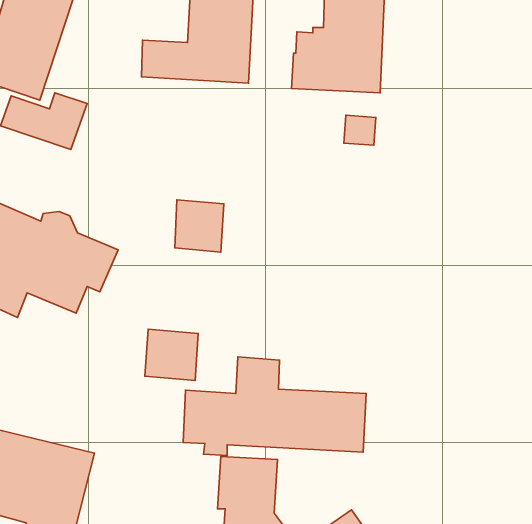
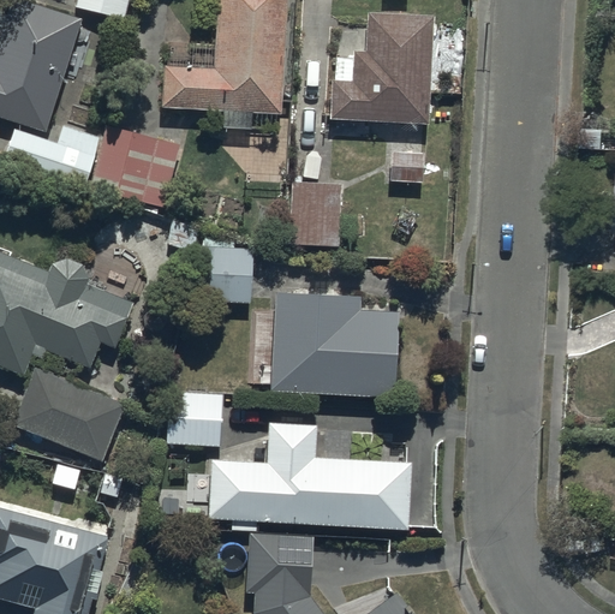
building: none -> [91,126,179,207]
building: none -> [288,183,341,246]
building: none -> [269,293,399,394]
building: none -> [13,370,125,461]

